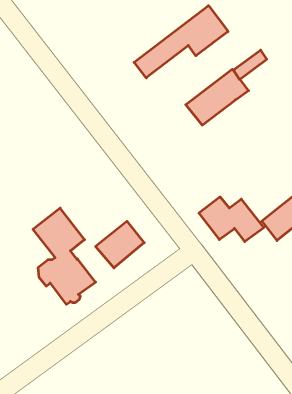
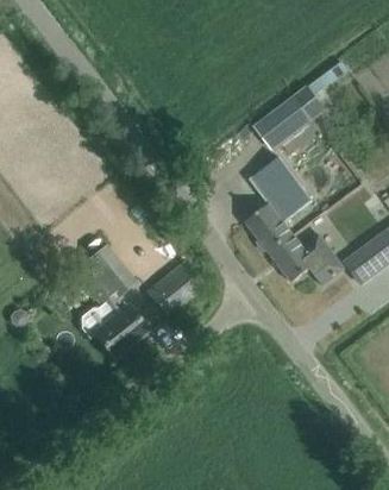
building: [134,6,228,78] -> none
building: none -> [246,157,313,253]

